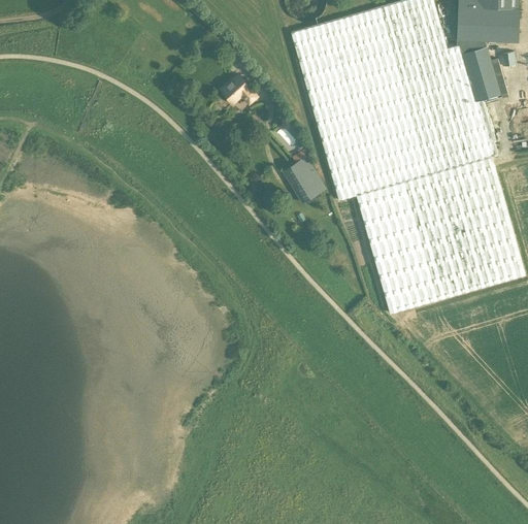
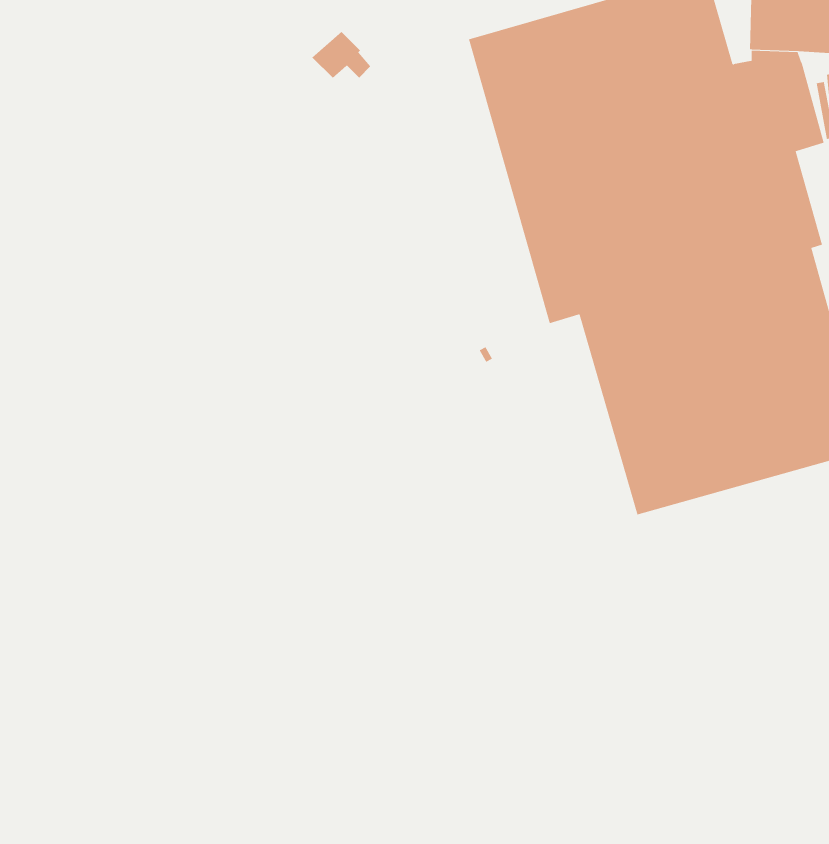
building: [221,74,256,102] -> [312,31,371,79]
building: [282,154,326,202] -> none

